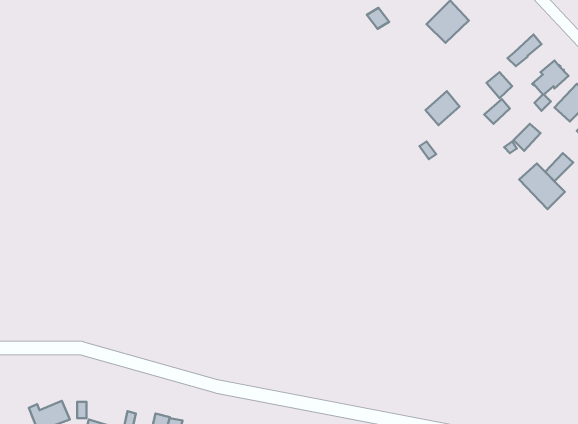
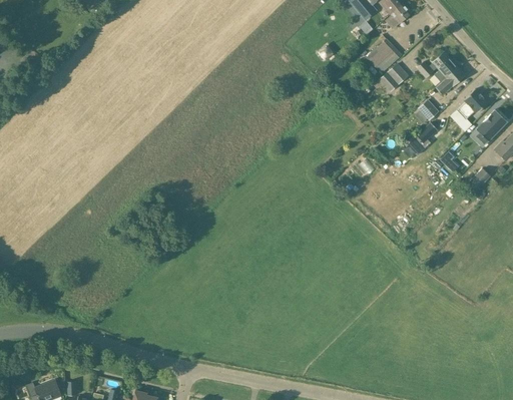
building: none -> [416,52,457,82]
building: [426,91,460,125] -> [379,63,408,92]
building: [519,163,565,209] -> none

